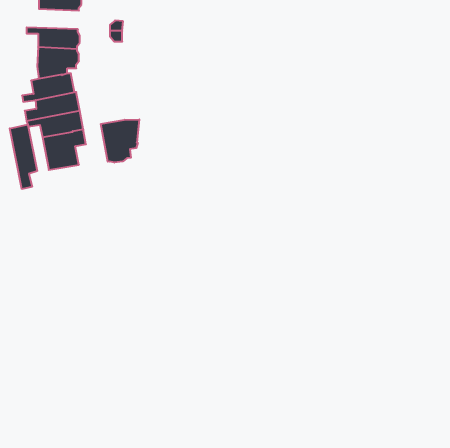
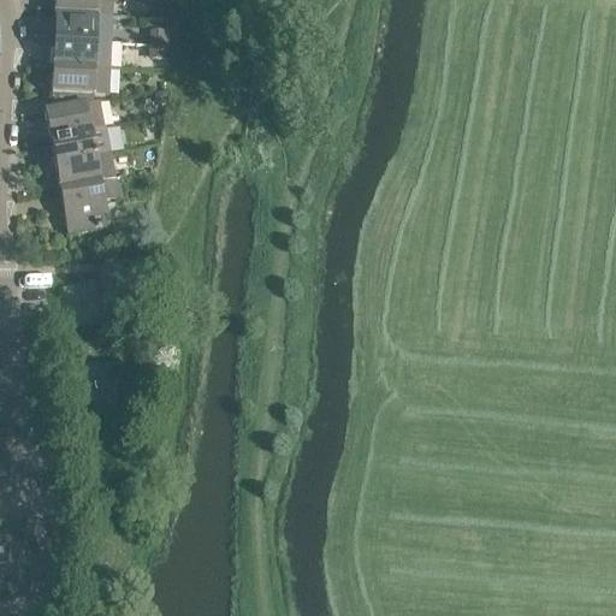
building: none -> [40,12,113,40]
building: [101,119,139,163] -> none
building: [10,125,37,189] -> none

